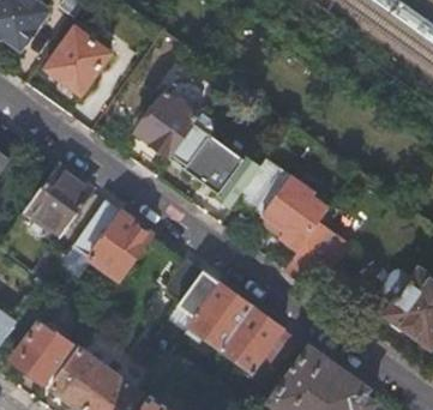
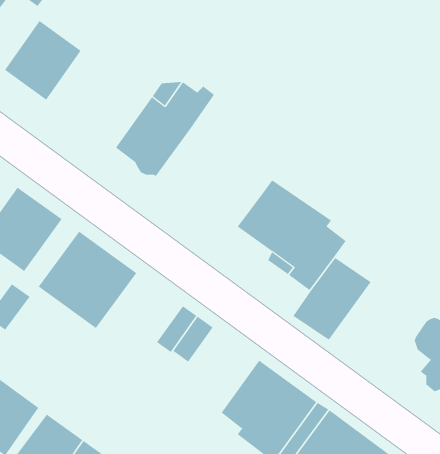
building: [169,116,257,203] -> none
building: [185,282,253,349] -> none

